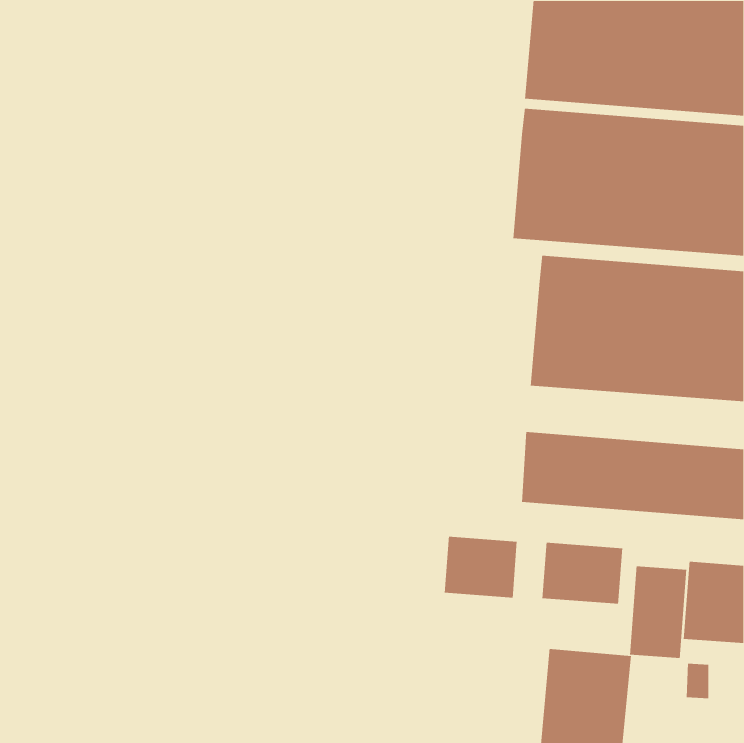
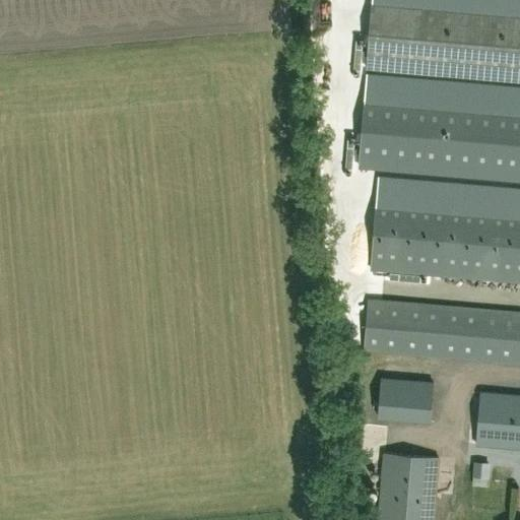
building: [444,536,518,599] -> none
building: [629,565,687,659] -> none

